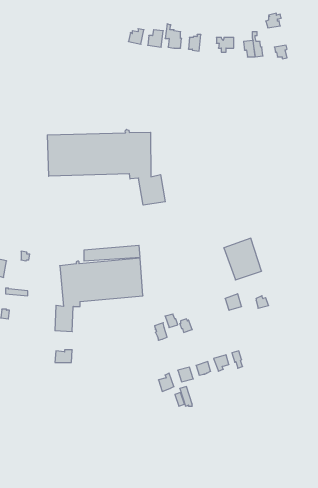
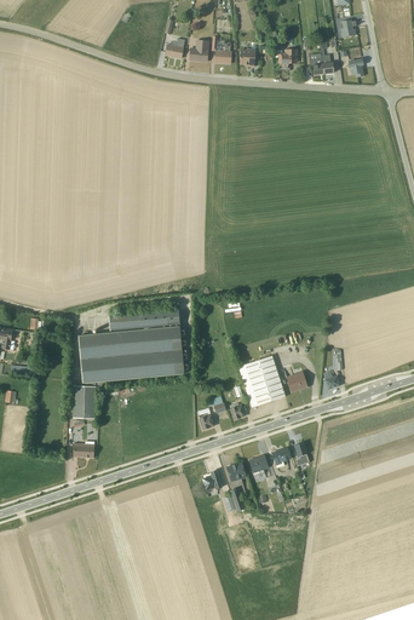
building: [47,129,165,205] -> none
building: [224,238,262,280] -> [237,355,284,407]

